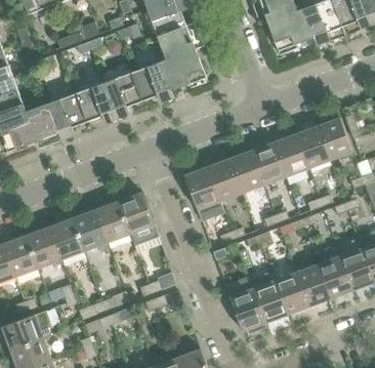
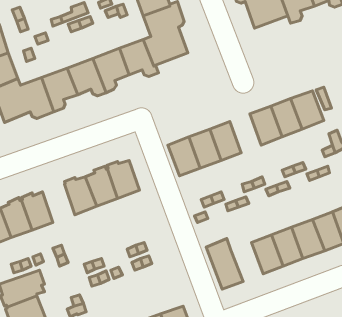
building: [251,142,285,185] -> none
building: [49,216,84,259] -> none
building: [252,281,287,323] -> none

